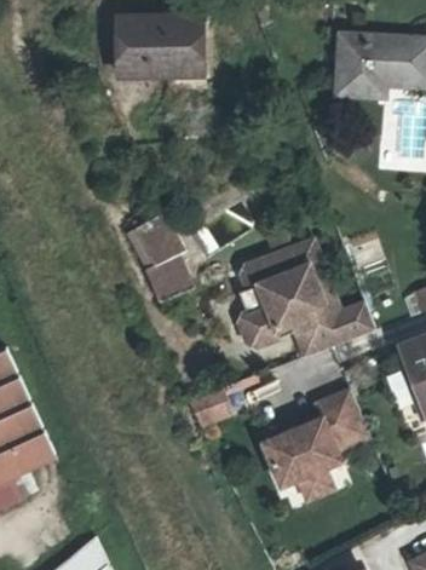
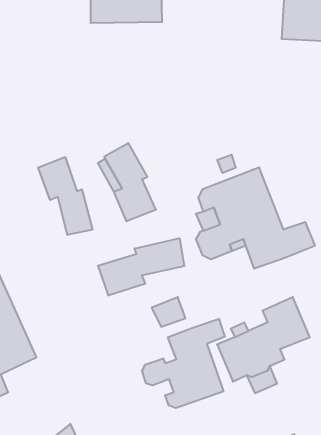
building: none -> [38,157,92,235]
building: none -> [98,238,184,296]
building: none -> [142,319,225,408]

